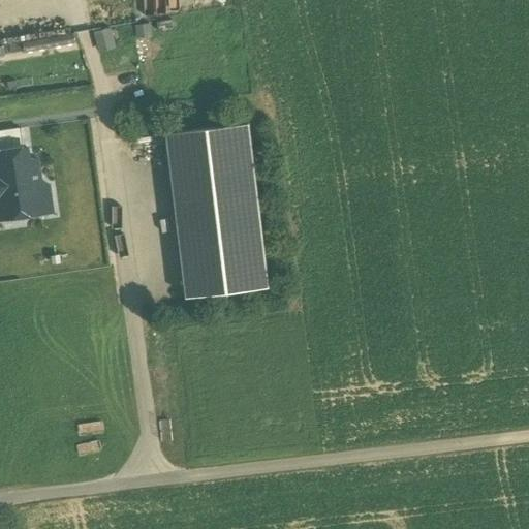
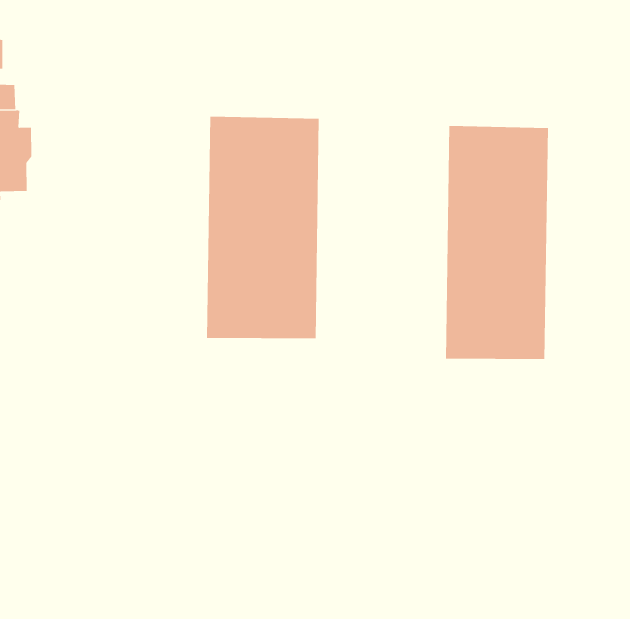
building: none -> [446,125,548,360]

